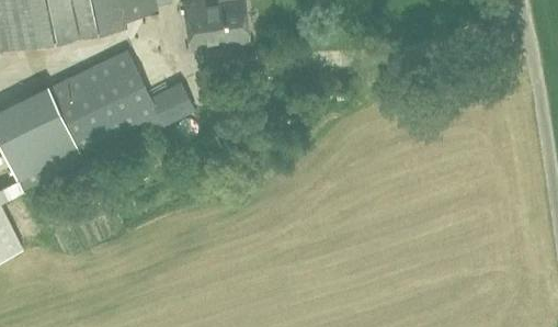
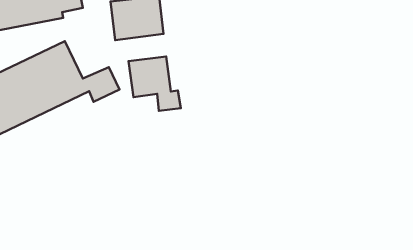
building: none -> [128,56,181,111]

